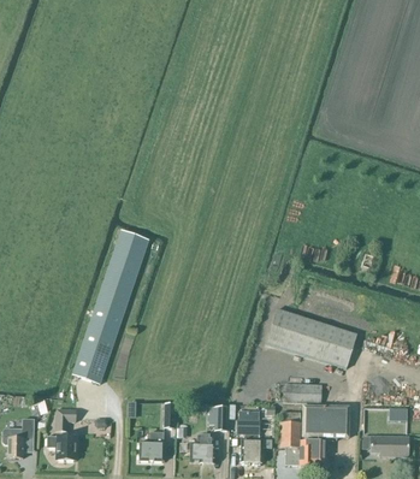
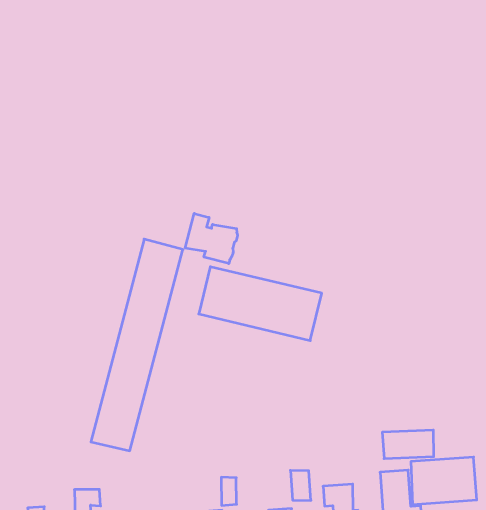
building: none -> [185,213,238,264]
building: [267,308,357,367] -> [199,267,322,341]

